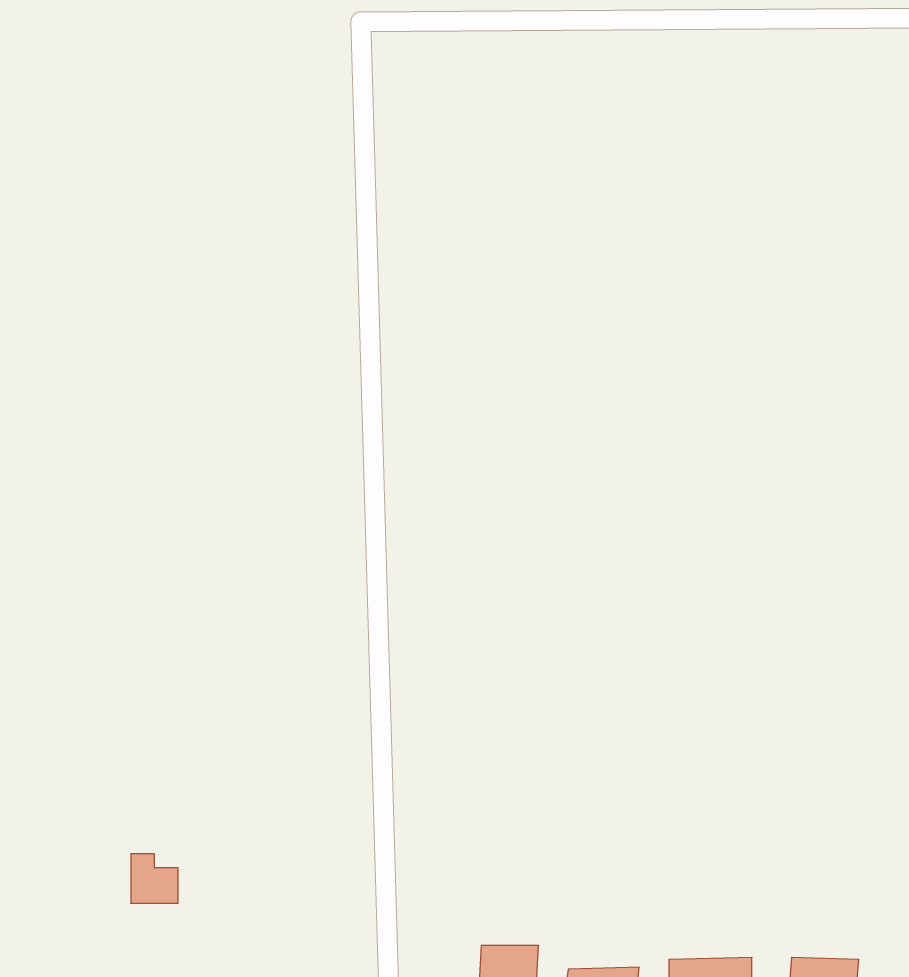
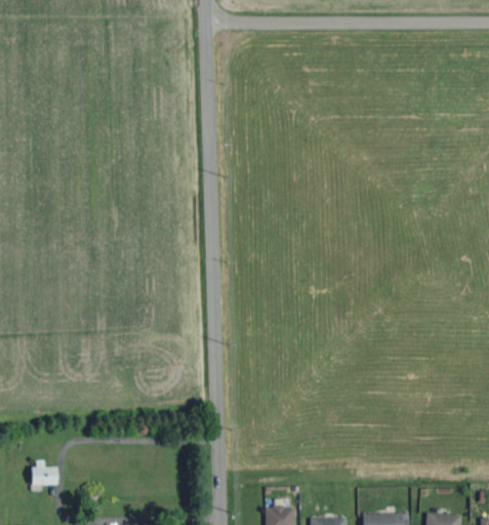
building: [131,854,178,903] -> [33,459,57,485]

